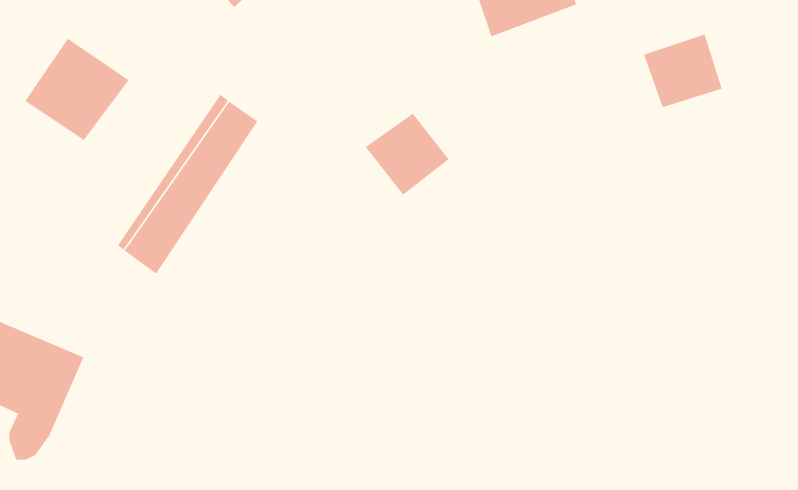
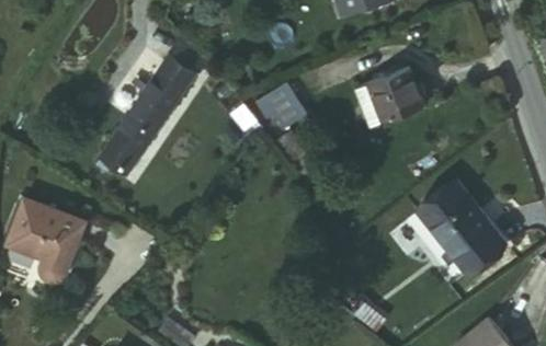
building: [643,34,722,108] -> [382,69,432,116]
building: [25,38,130,141] -> none
building: none -> [423,184,507,274]

